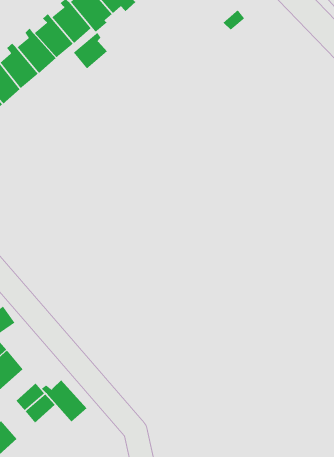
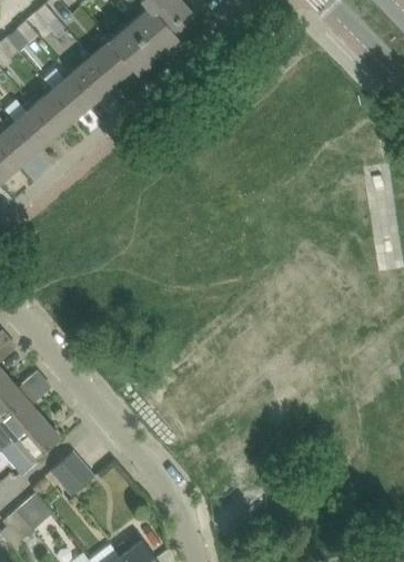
building: [73,32,108,70] -> none
building: [41,380,87,422] -> none

